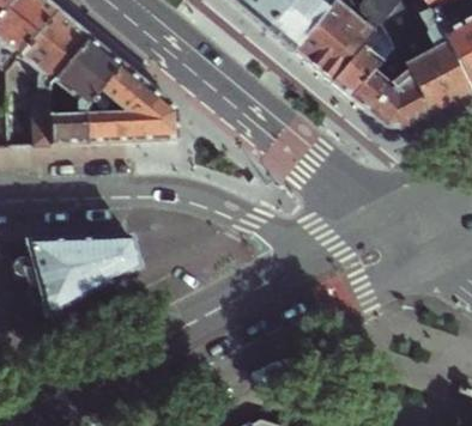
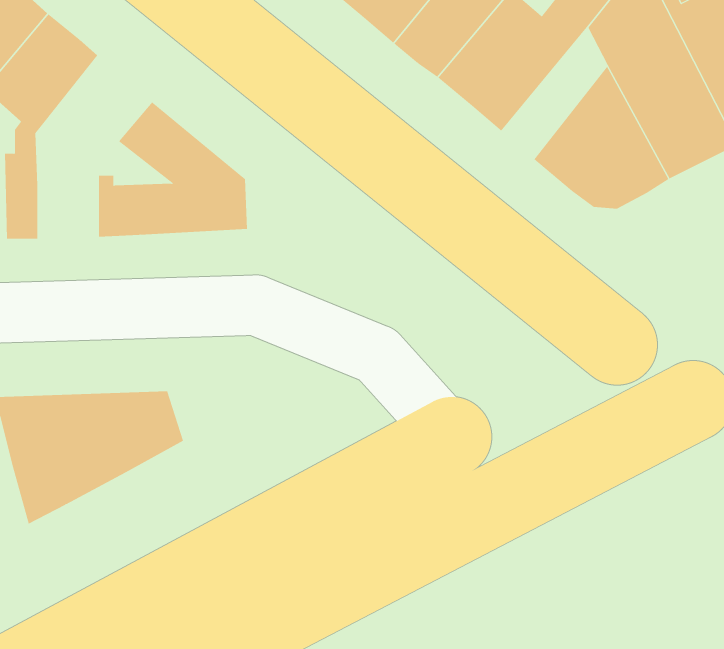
building: [329,18,393,97] -> none
building: [52,35,120,145] -> none

